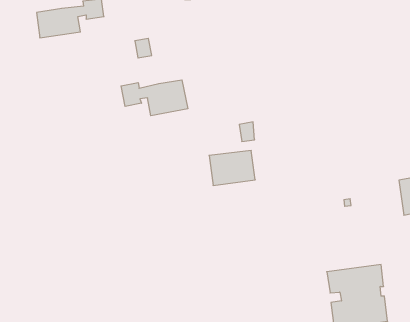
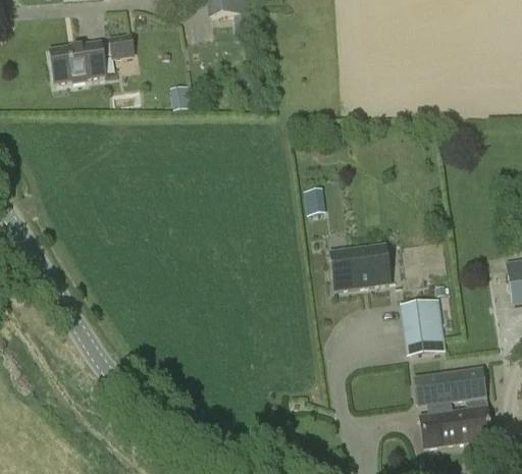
building: [121,80,188,116] -> none
building: [209,151,255,185] -> [331,245,389,288]
building: none -> [400,298,445,354]

